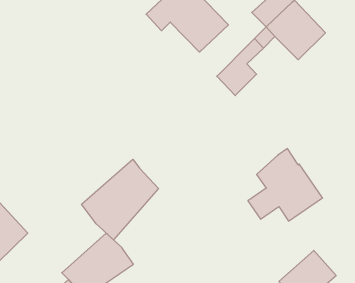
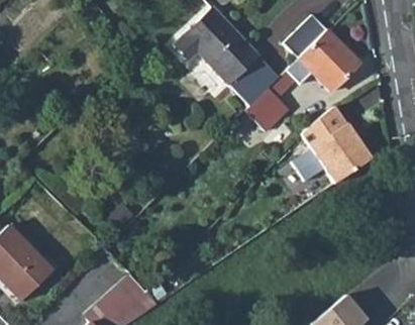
building: none -> [229,55,280,105]
building: [248,149,323,221] -> [293,107,371,183]
building: [82,159,159,240] -> none

